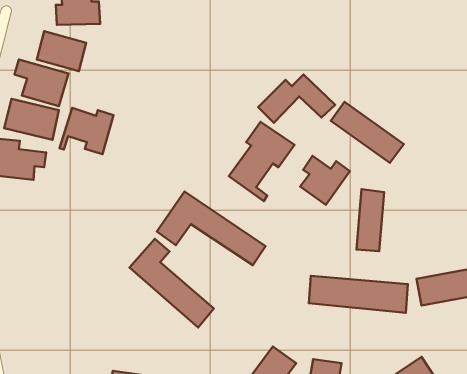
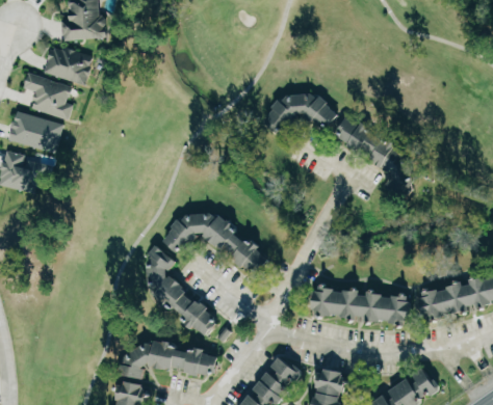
building: [60,108,114,154] -> none
building: [229,122,294,201] -> none
building: [300,156,350,205] -> none
building: [356,189,384,251] -> none
building: none -> [121,342,216,379]

